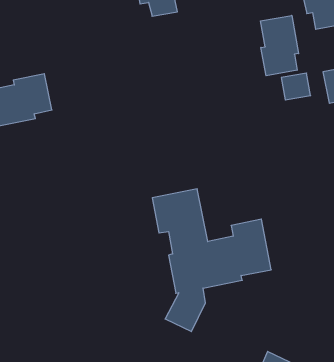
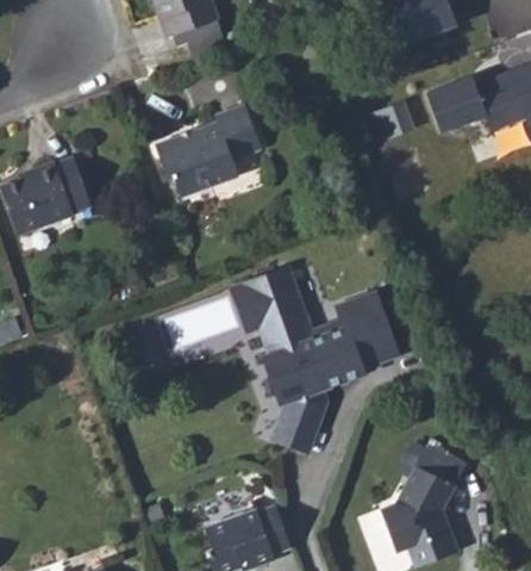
building: [261,15,299,76] -> none
building: none -> [151,105,260,198]

